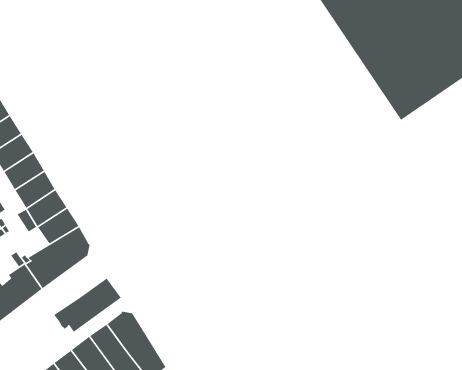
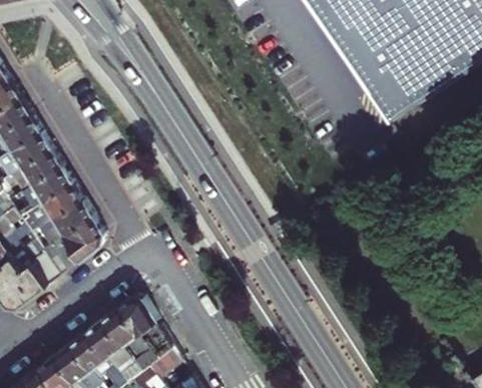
building: [53,278,122,333] -> none

